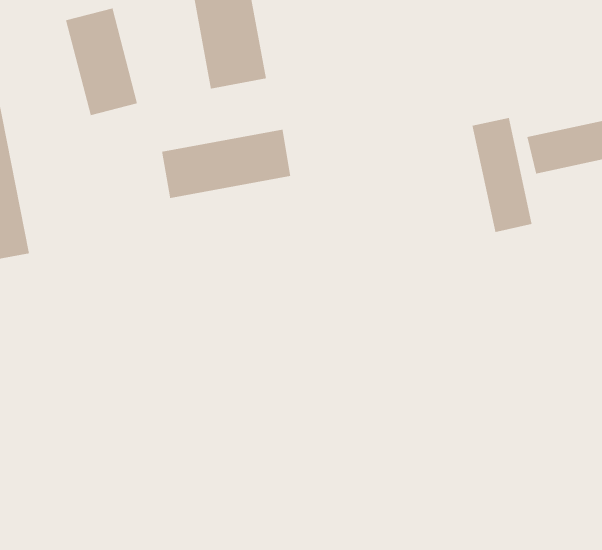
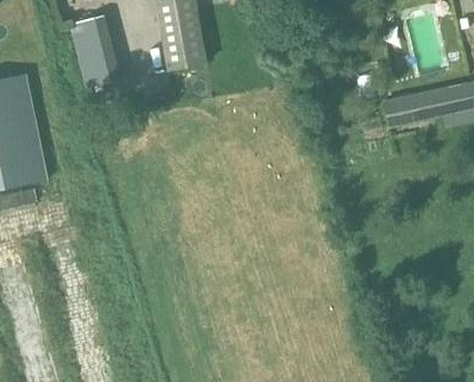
building: [472,117,532,233] -> none
building: [162,129,291,199] -> none

